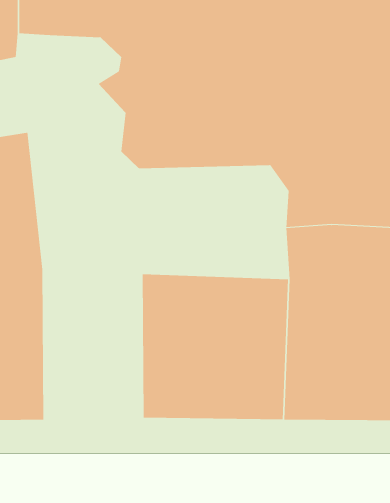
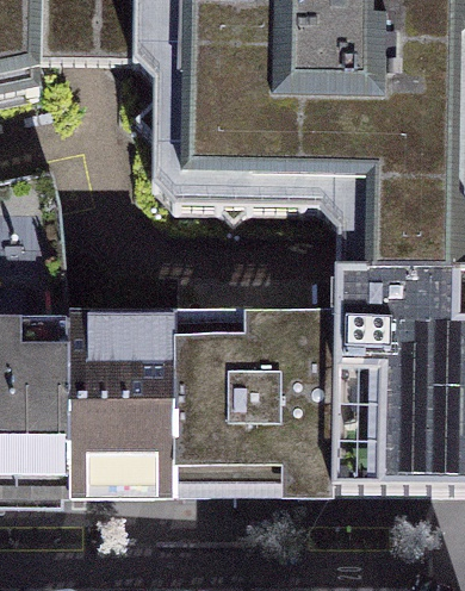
building: none -> [60,315,170,481]

